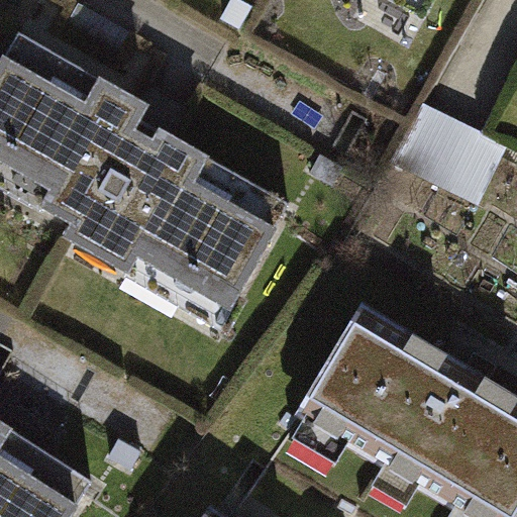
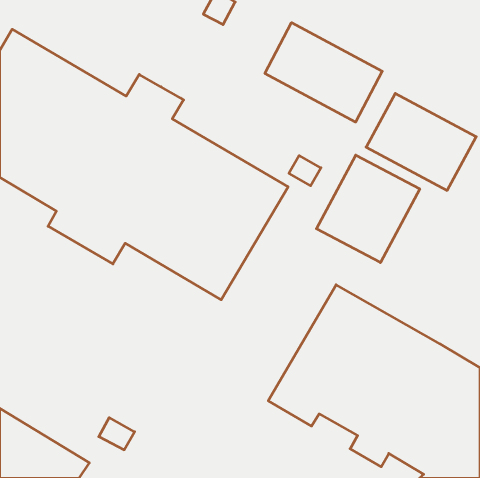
building: none -> [265,23,382,122]
building: none -> [316,155,420,263]

